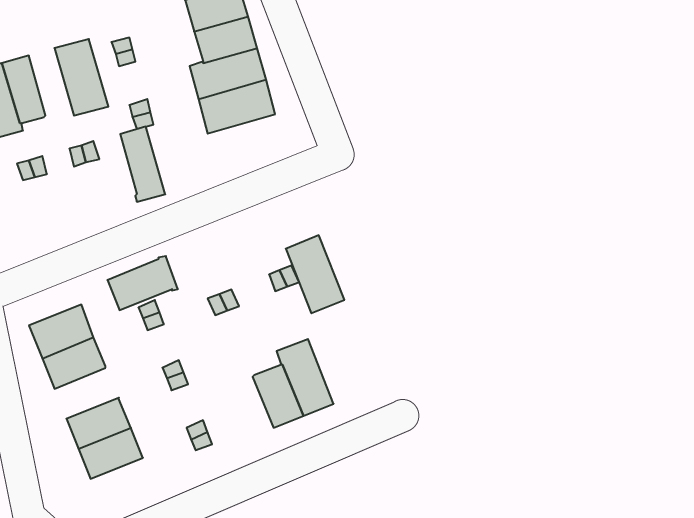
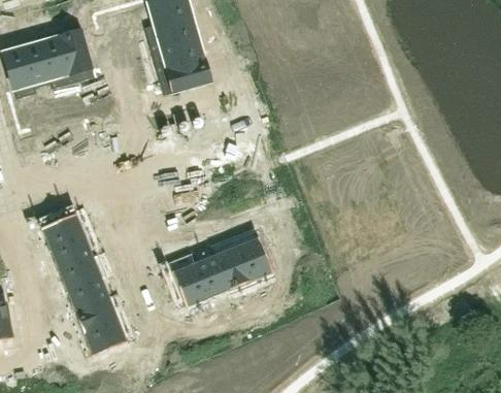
building: [120,127,165,202] -> [41,36,72,88]
building: [286,235,344,313] -> [233,227,273,281]
building: [107,256,178,310] -> [59,254,107,291]
building: none -> [168,252,209,306]
building: none -> [84,318,128,355]

